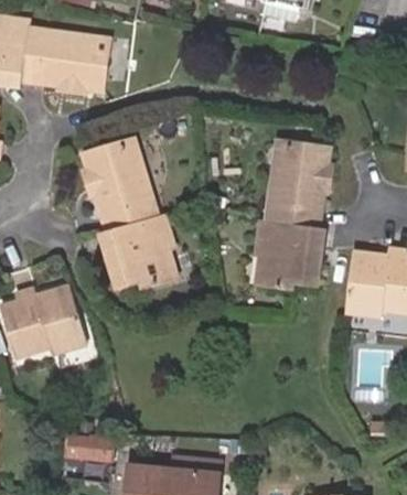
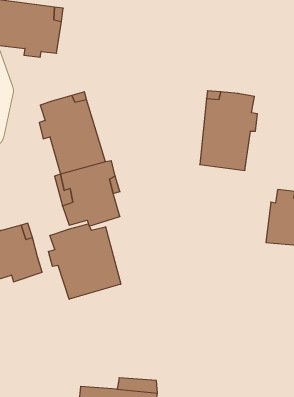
building: [258,220,323,290] -> none
building: none -> [48,224,121,299]
building: [68,432,117,456] -> none

